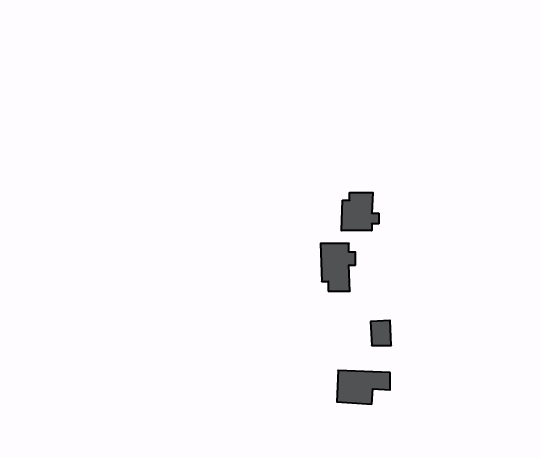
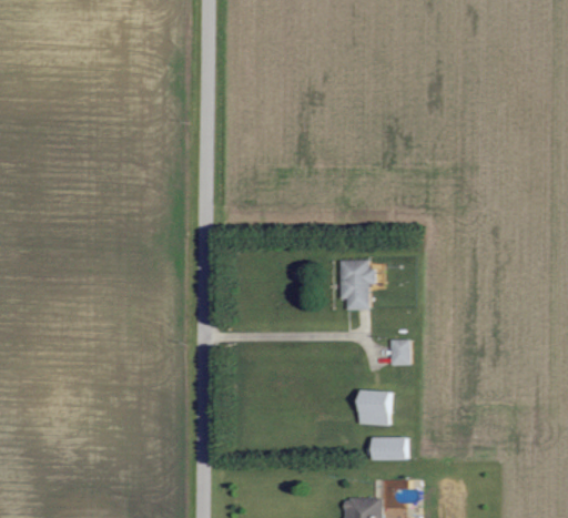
building: [341,193,379,231] -> none
building: none -> [369,436,408,459]

